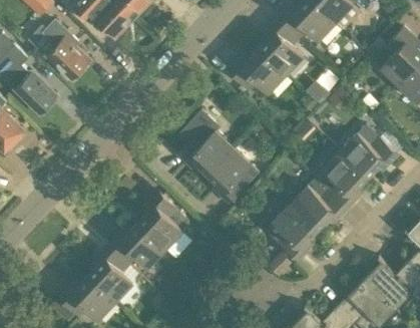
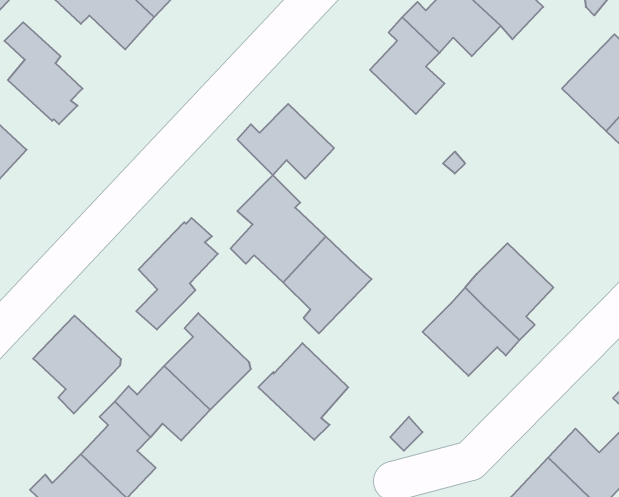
building: [229,49,286,93] -> [237,104,334,179]
building: [340,124,397,178] -> none
building: none -> [136,218,218,330]
building: none -> [33,316,121,414]
building: [264,204,317,261] -> [258,343,348,440]

